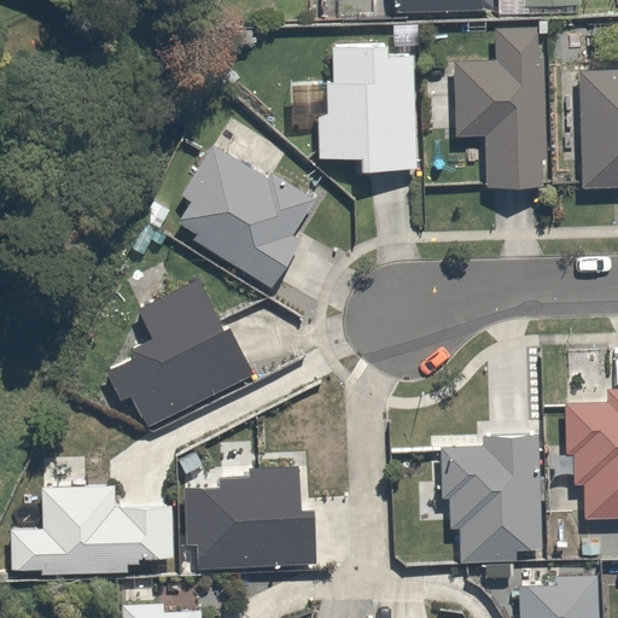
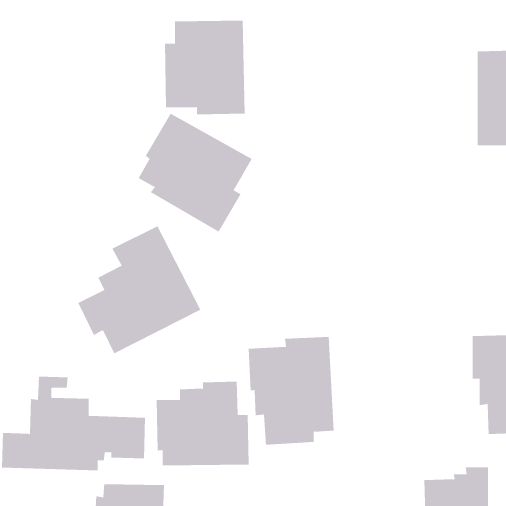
building: [456,27,547,186] -> none
building: [317,53,415,167] -> [164,20,246,115]
building: [438,435,542,565] -> [248,336,334,445]

